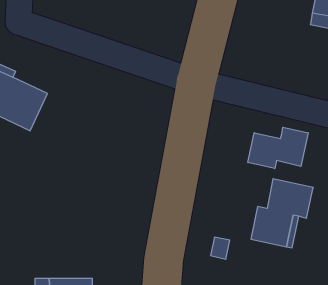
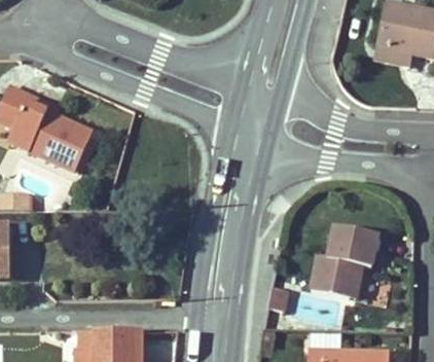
building: [248,127,308,169] -> none

